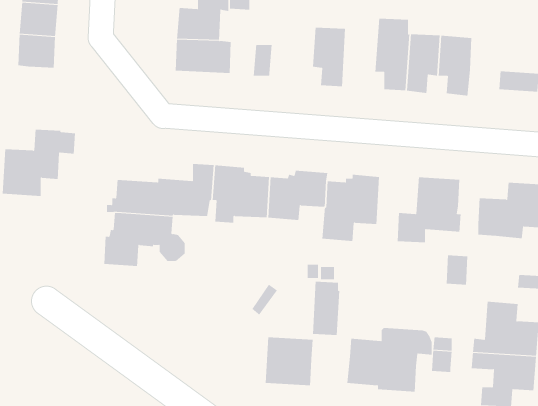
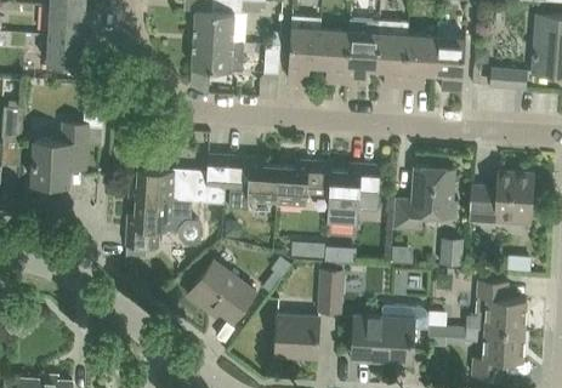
building: none -> [288,16,320,81]
building: none -> [346,18,379,85]
building: none -> [187,259,256,321]

